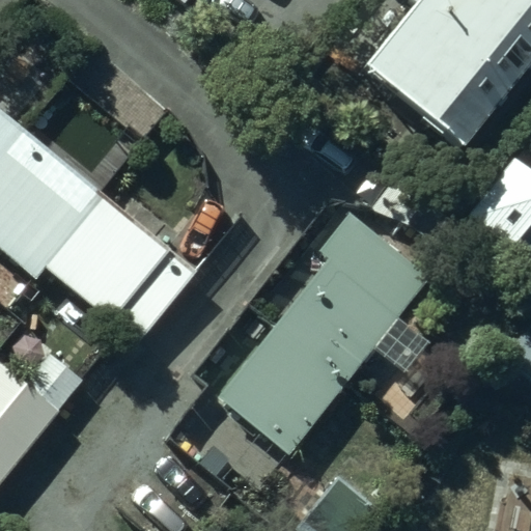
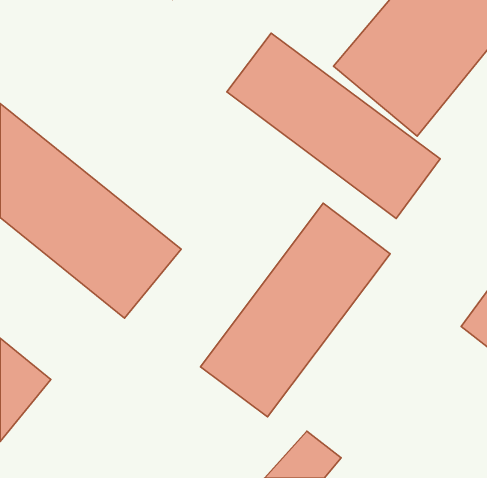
building: none -> [227,33,440,218]

